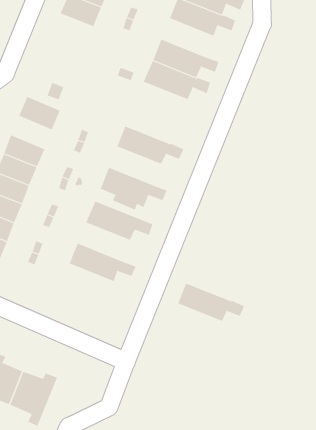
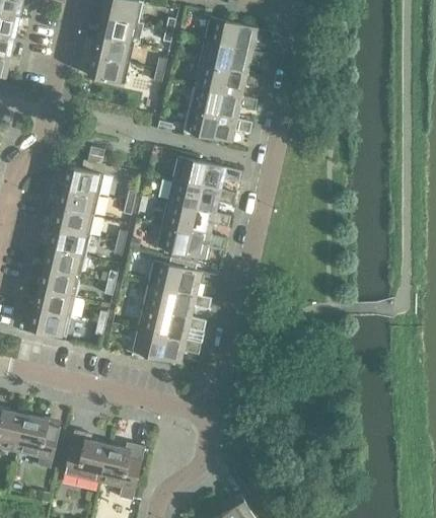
building: none -> [193,63,261,96]
building: none -> [170,156,239,191]
building: none -> [56,187,97,216]
building: none -> [160,202,229,235]
building: none -> [131,328,200,364]
building: [177,283,245,322] -> [141,284,210,317]

